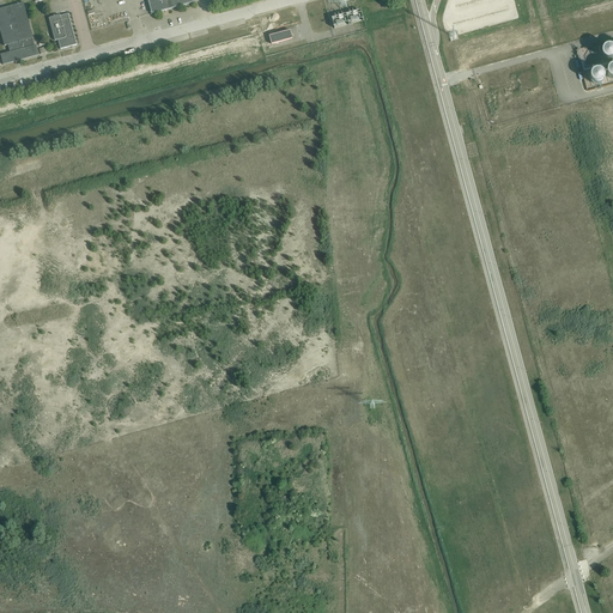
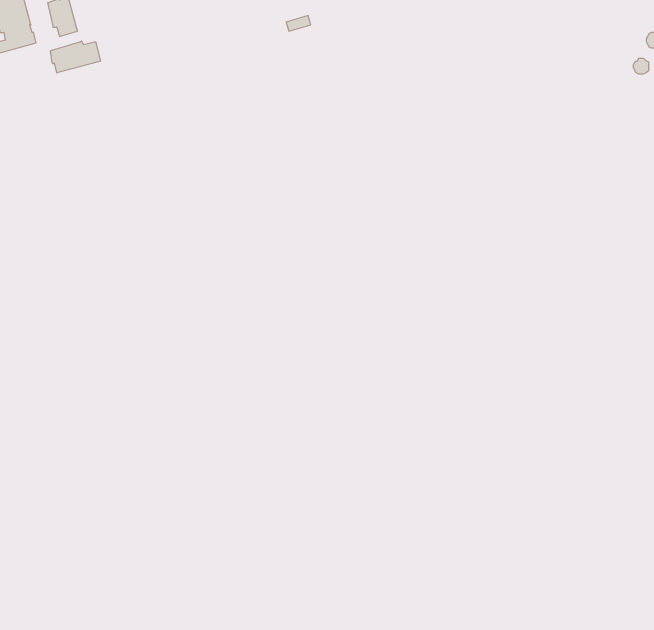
building: none -> [50,41,100,73]

